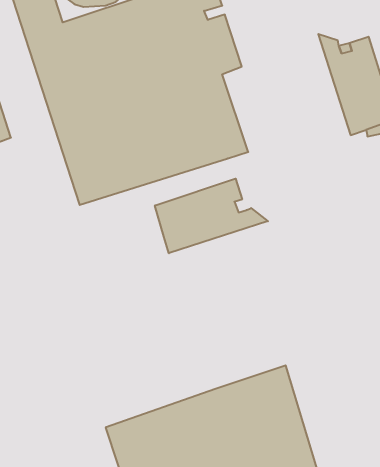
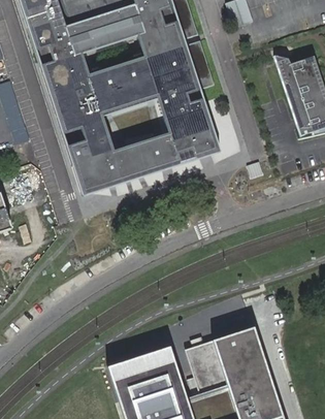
building: [155,179,268,253] -> none

